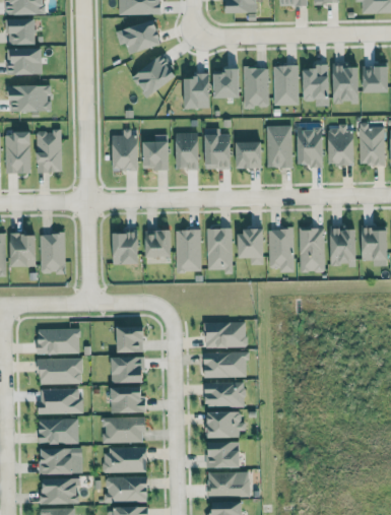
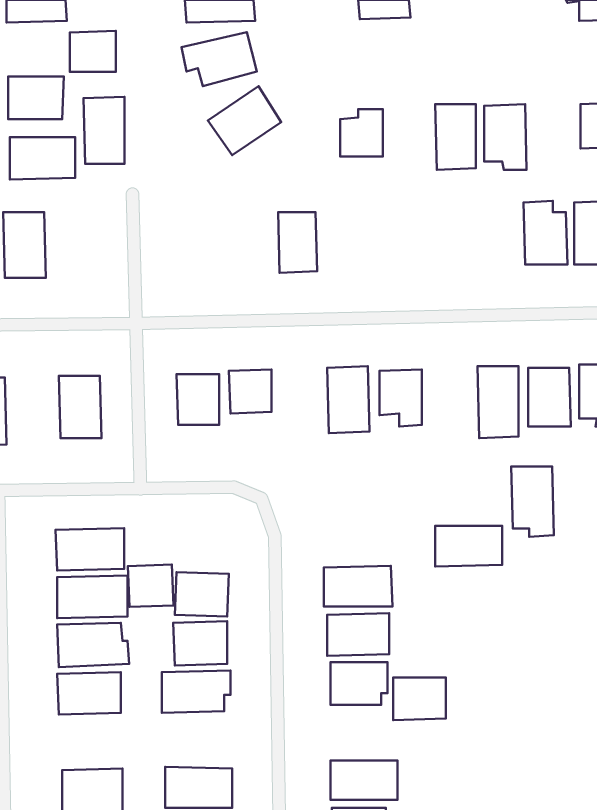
building: [7,18,36,44] -> [70,31,116,72]
building: [332,65,360,104] -> none
building: [243,67,268,108] -> none
building: [183,72,210,109] -> none
building: [266,125,291,168] -> none
building: [204,128,231,169] -> none
building: [297,128,323,167] -> none
building: [36,130,61,172] -> [84,97,125,164]
building: [112,131,138,170] -> none
building: [142,134,169,169] -> none
building: [236,141,262,168] -> none
building: [267,229,294,272] -> [511,466,554,537]
building: [175,230,200,271] -> none
building: [10,234,37,266] -> none
building: [204,322,246,347] -> [435,526,502,567]
building: [116,326,144,352] -> [128,564,174,607]
building: [207,442,240,468] -> [393,678,446,720]
building: [104,446,145,472] -> none
building: [40,448,82,474] -> none

